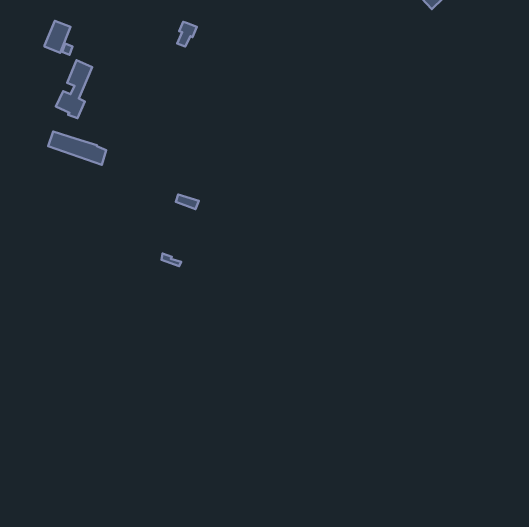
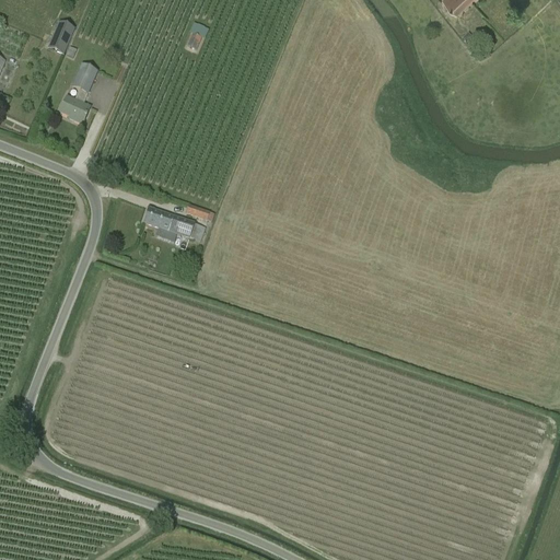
building: [48,132,106,165] -> [143,208,205,243]

